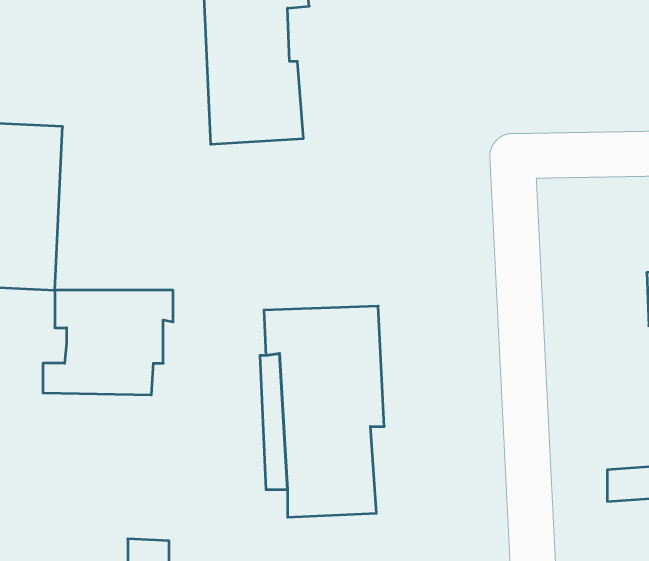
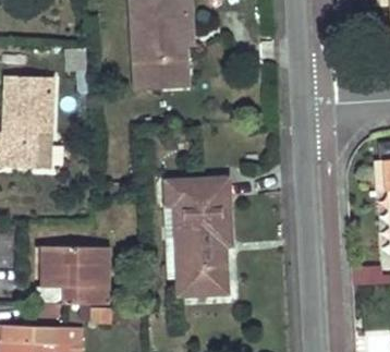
building: [43,290,173,395] -> [36,247,108,305]

